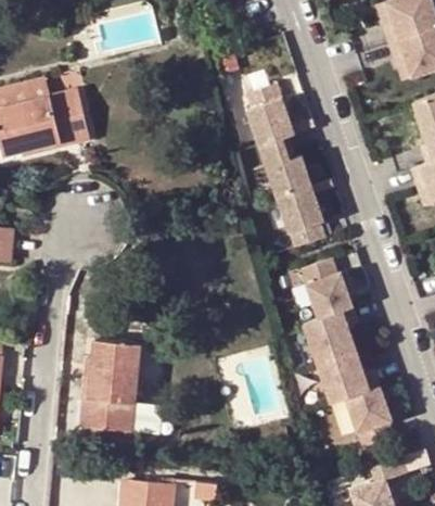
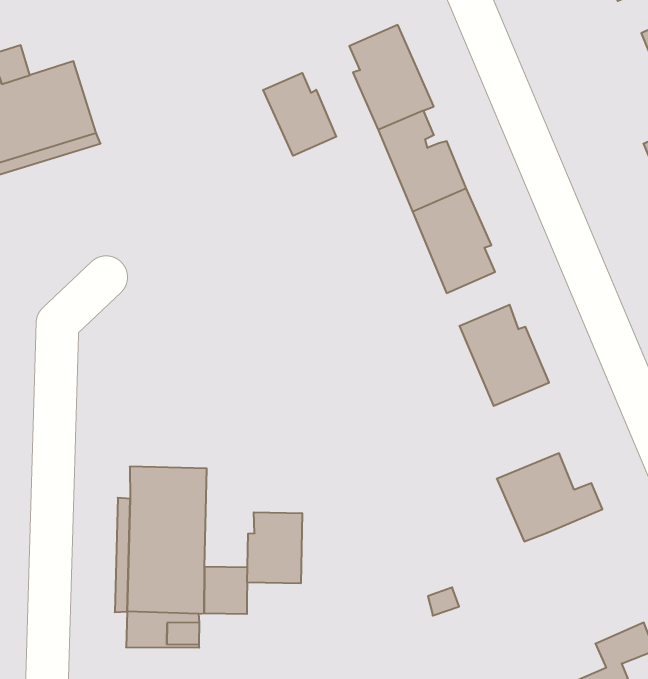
building: none -> [263,73,336,156]
building: [303,306,357,363] -> none
building: none -> [247,512,302,583]
building: [344,385,392,446] -> none

